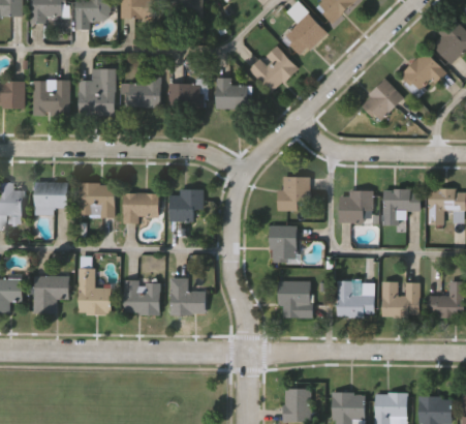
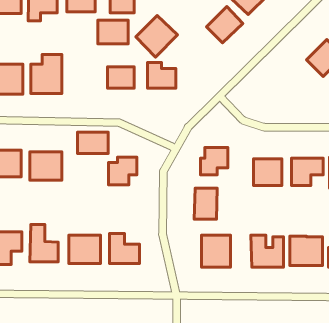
building: [249,46,298,94] -> [136,15,178,57]
building: [362,80,404,121] -> none
building: [125,81,160,109] -> [98,20,128,44]
building: [123,193,159,218] -> [77,132,108,154]

